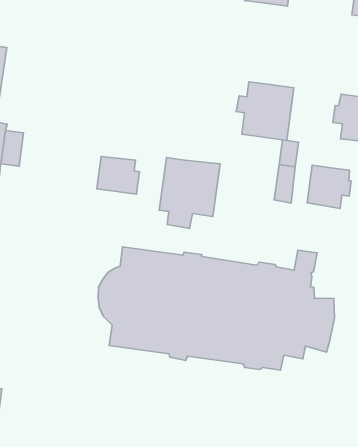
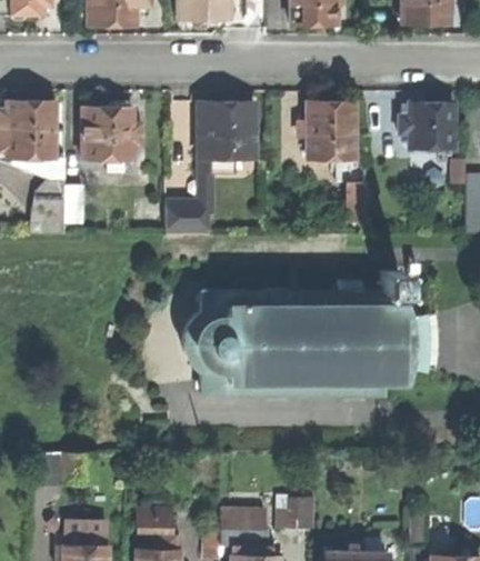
building: none -> [83,102,143,172]
building: [159,158,220,229] -> [199,102,254,172]
building: [307,165,351,208] -> none

